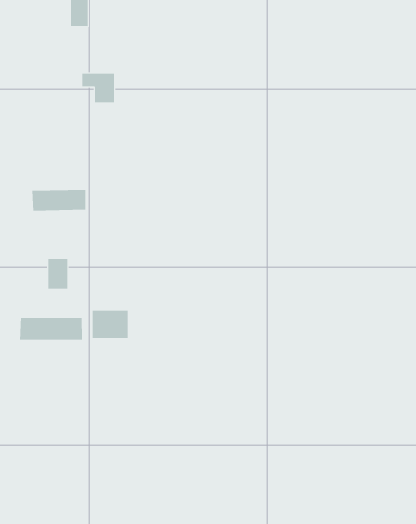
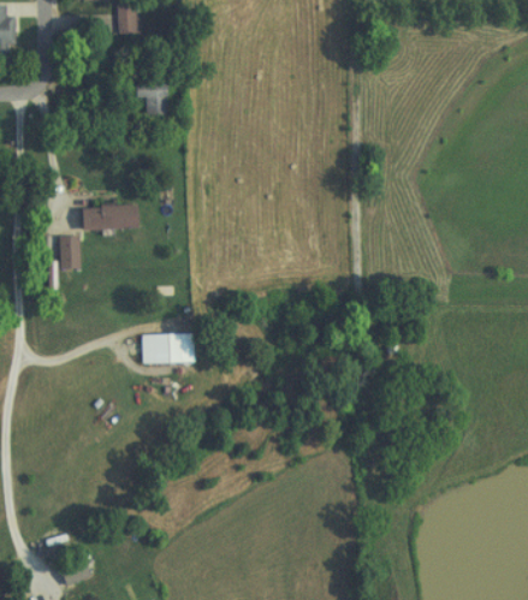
building: [48,259,68,289] -> [59,236,81,268]
building: [20,317,82,341] -> none

